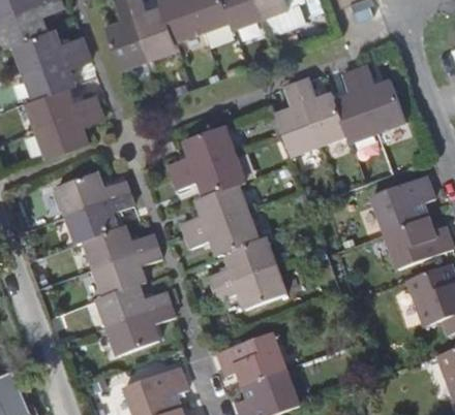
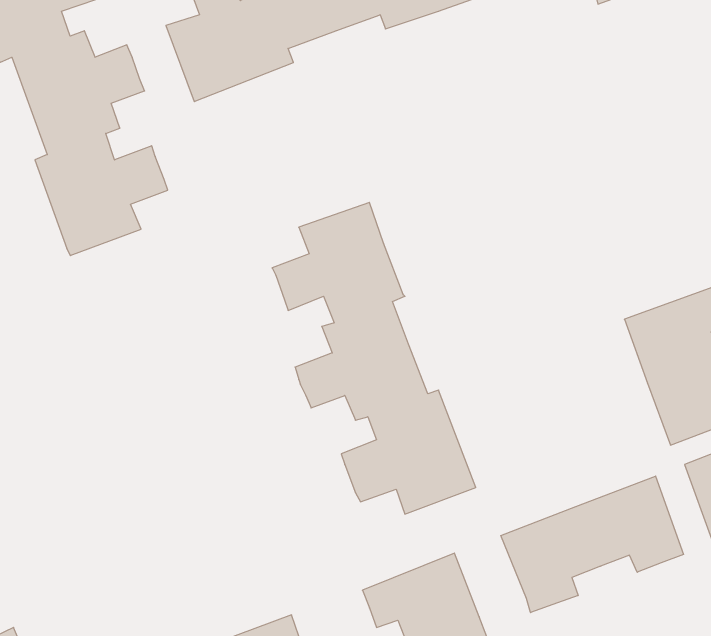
building: [274,66,406,157] -> none
building: [56,174,174,357] -> none
building: none -> [501,476,684,613]

